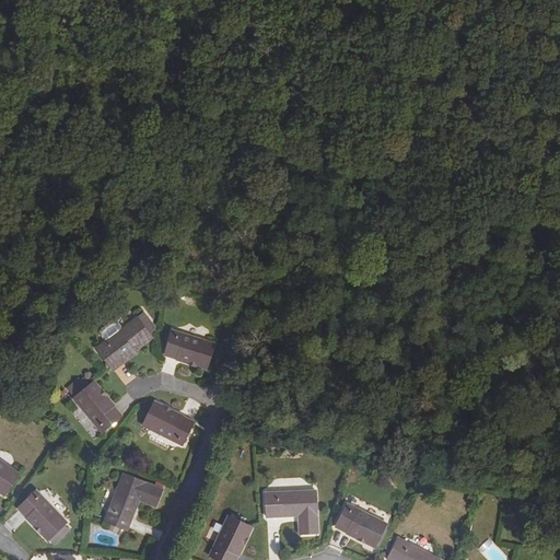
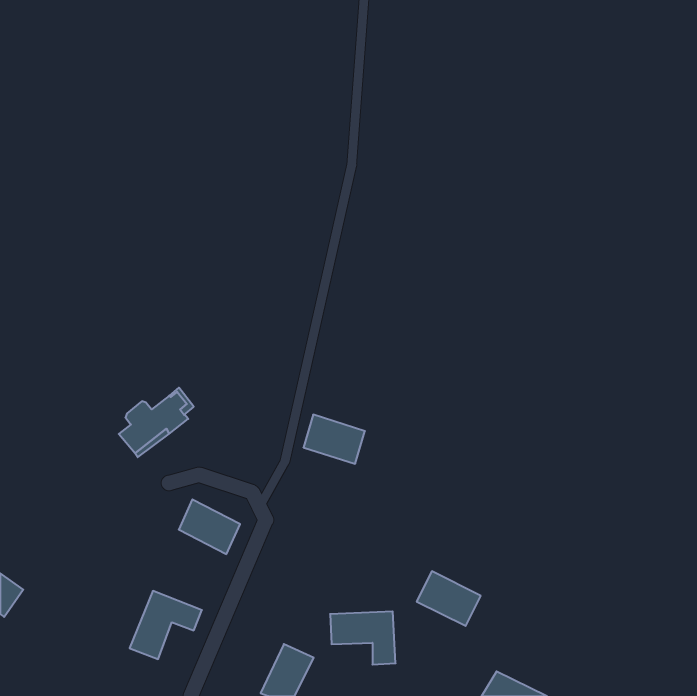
building: [164,329,213,369] -> [303,415,365,464]
building: [73,381,121,431] -> none
building: [18,490,67,539] -> none
building: [335,503,386,547] -> [417,571,481,626]

